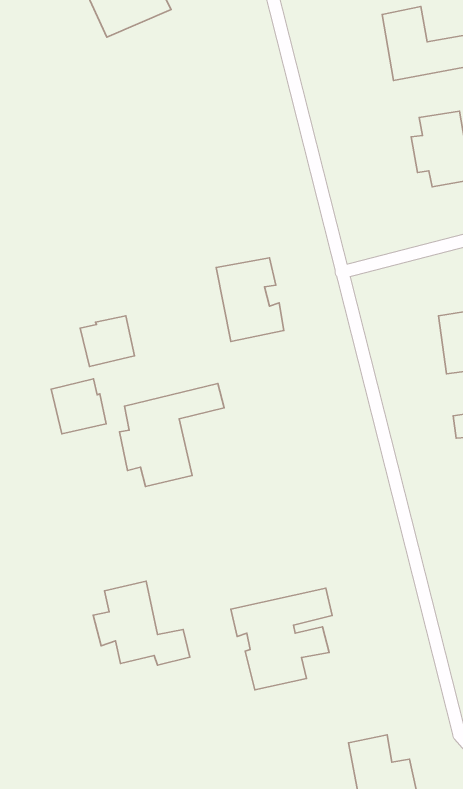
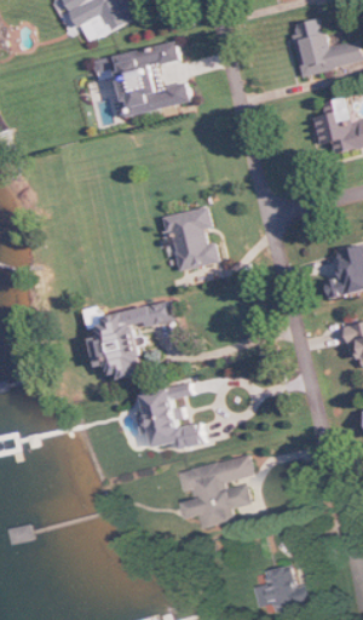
building: none -> [90,42,189,113]
building: [80,316,134,367] -> none
building: [51,379,106,434] -> none
building: [93,581,190,665] -> [133,386,206,449]

